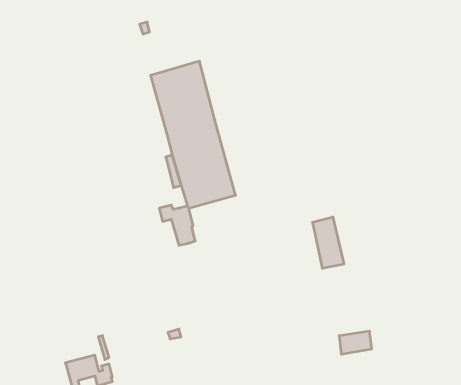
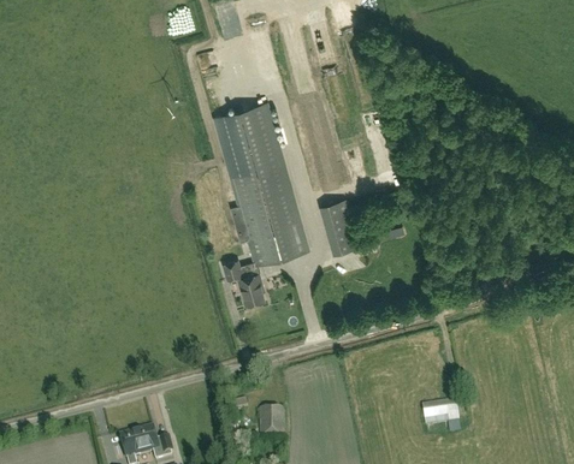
building: [312,217,344,268] -> [322,201,357,257]
building: none -> [259,410,284,438]

